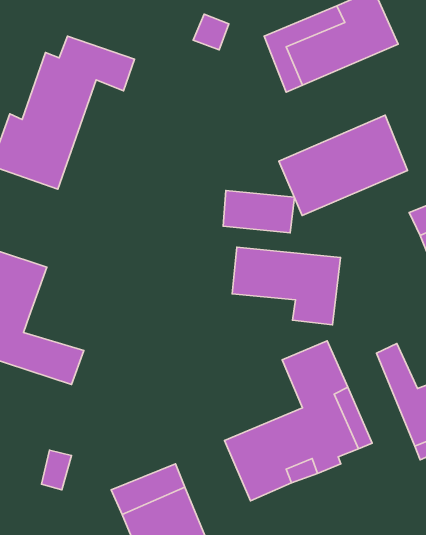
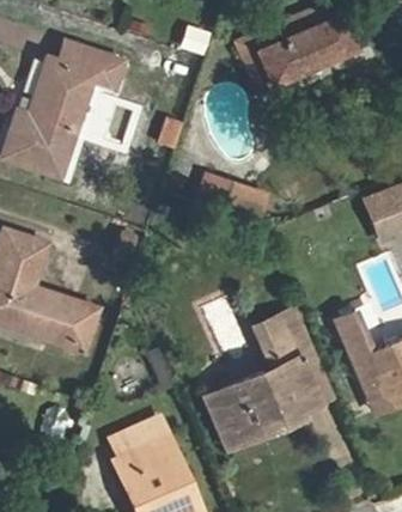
building: [279,115,408,216] -> none
building: [232,247,340,325] -> none
building: none -> [29,287,99,352]

